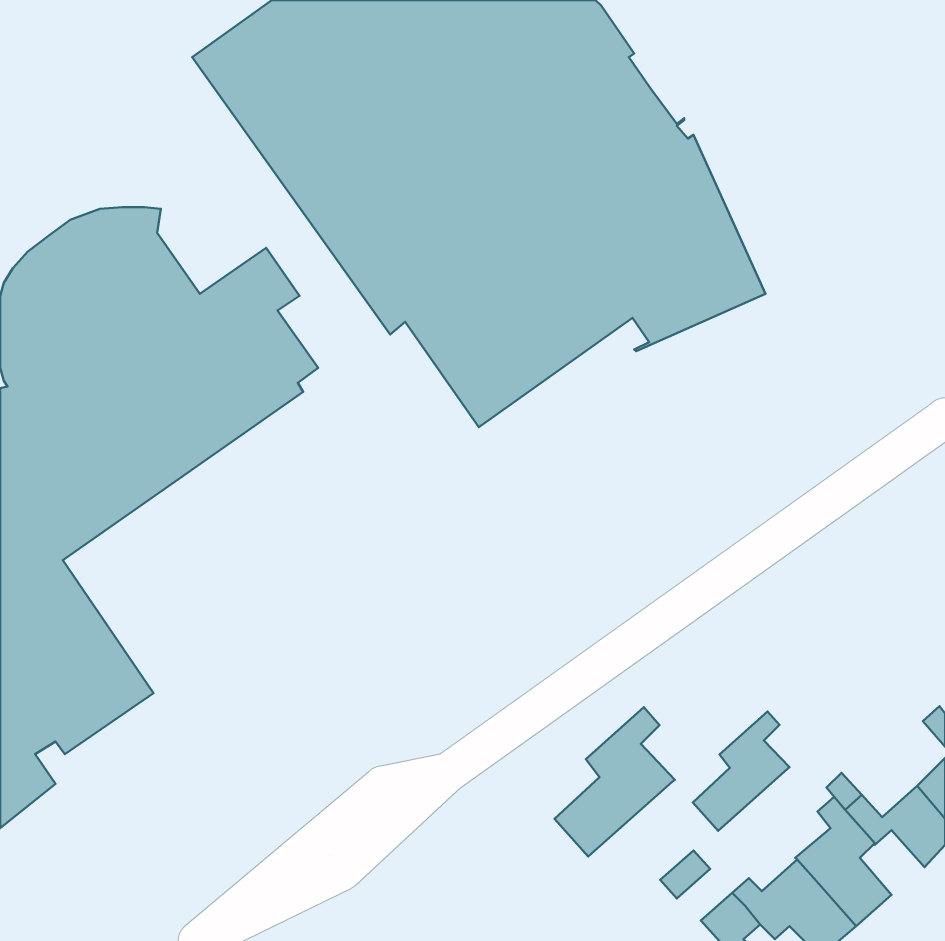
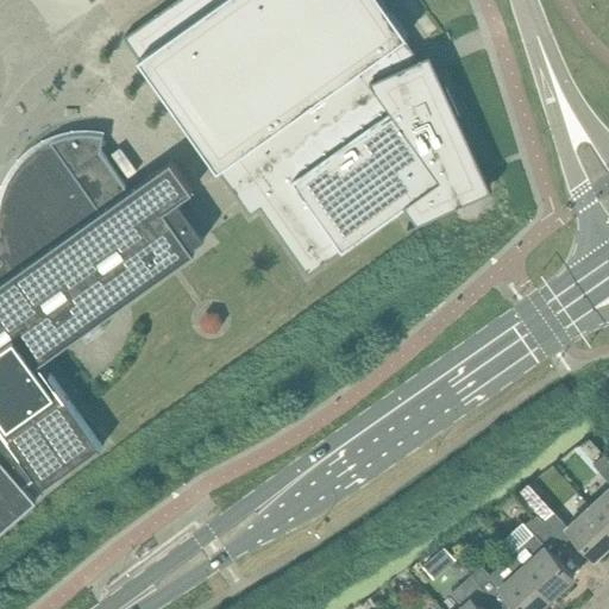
building: [555,707,675,857] -> none
building: [693,711,790,831] -> none

